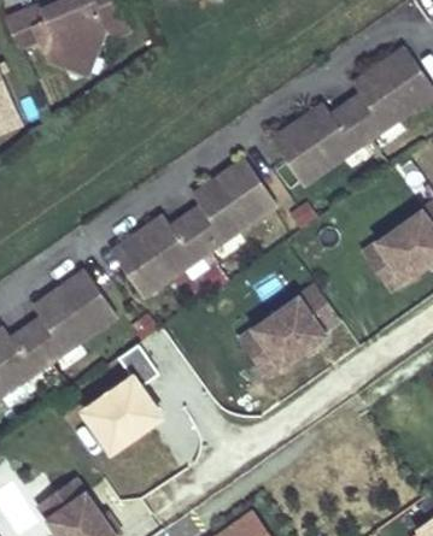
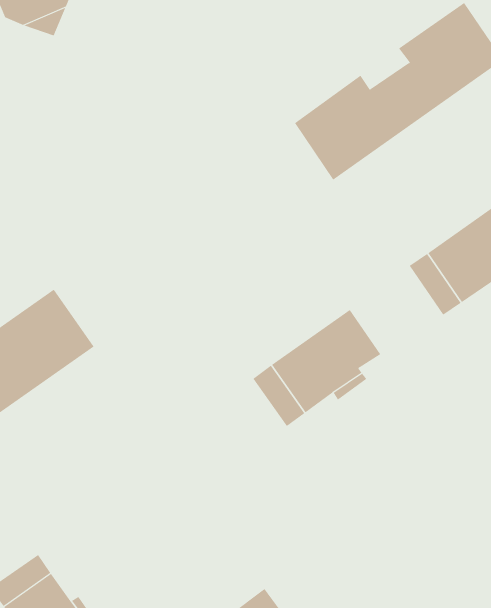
building: [112,159,276,296] -> none
building: [74,340,164,448] -> none

